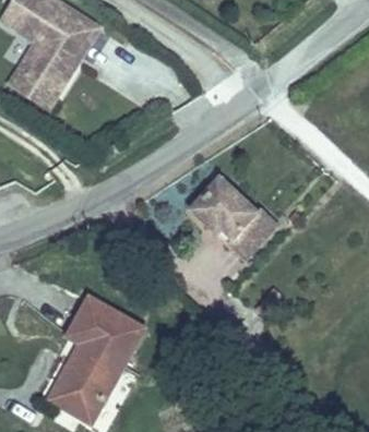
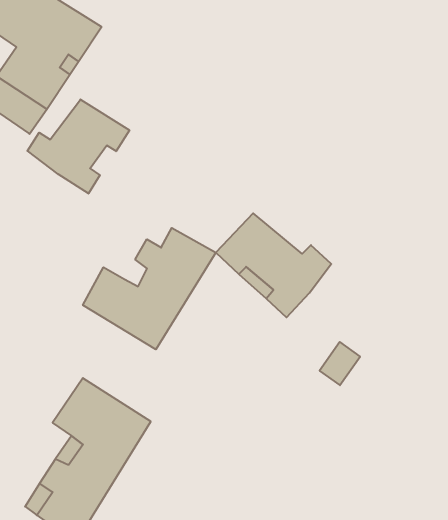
building: none -> [27,99,129,194]
building: none -> [83,228,216,349]

